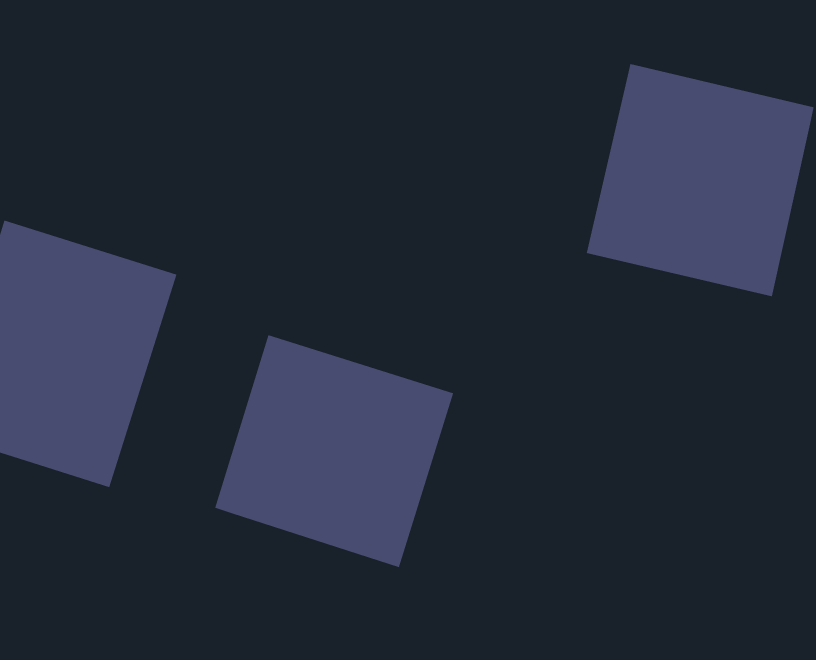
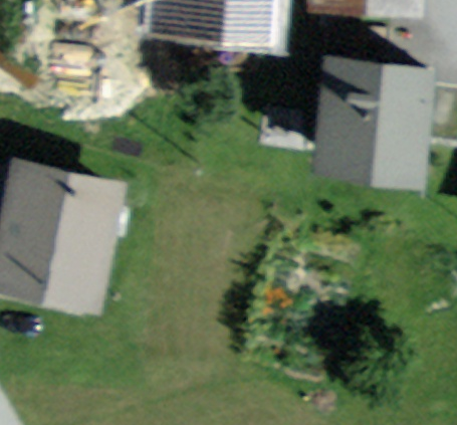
building: [214,334,454,568] -> none

